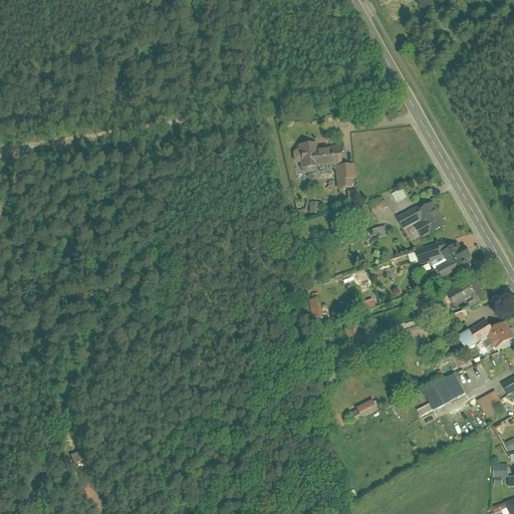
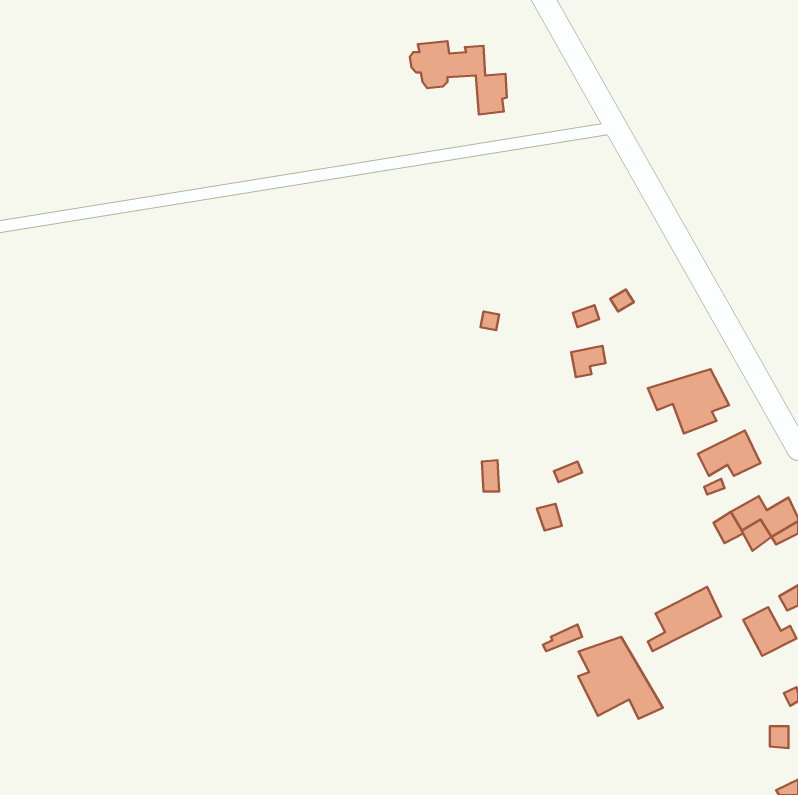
building: [292,141,354,188] -> [410,41,507,115]
building: [398,197,447,237] -> none
building: none -> [578,637,663,719]

